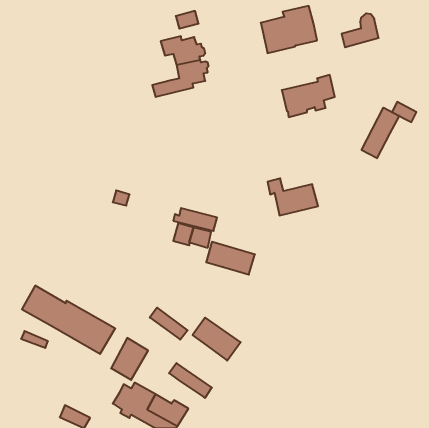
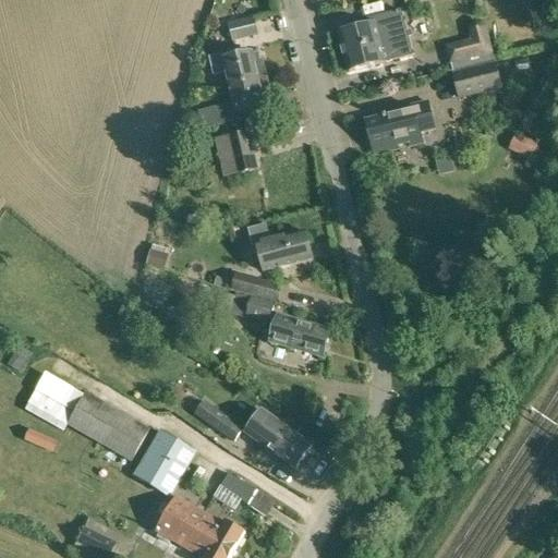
building: none -> [451,59,504,96]
building: none -> [215,128,257,172]
building: [362,108,399,158] -> none
building: [268,178,318,215] -> [247,222,313,270]

